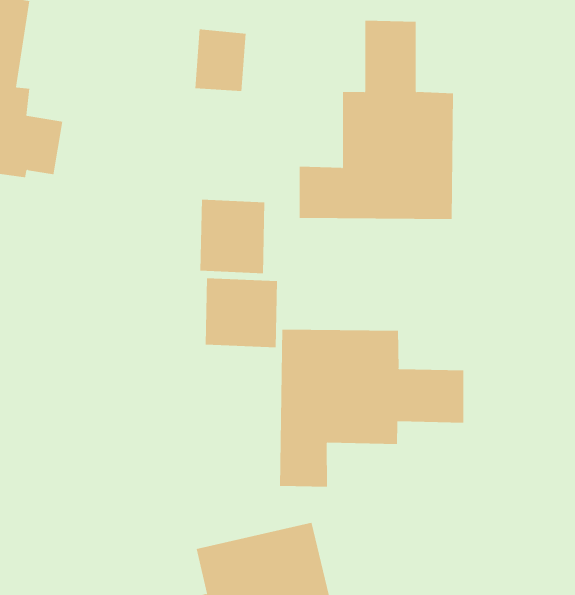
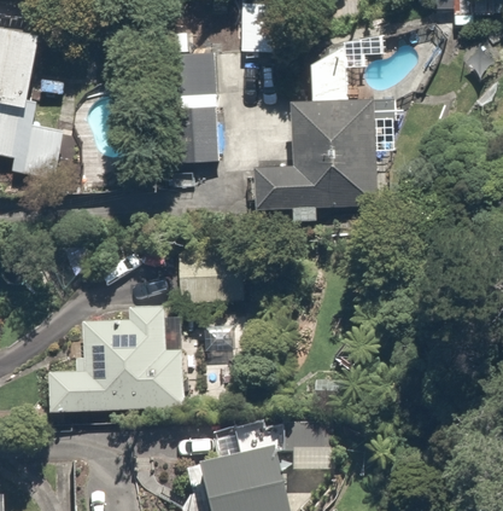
building: [200,199,265,274] -> [165,105,218,166]
building: [280,329,464,488] -> none
building: none -> [49,304,182,411]

